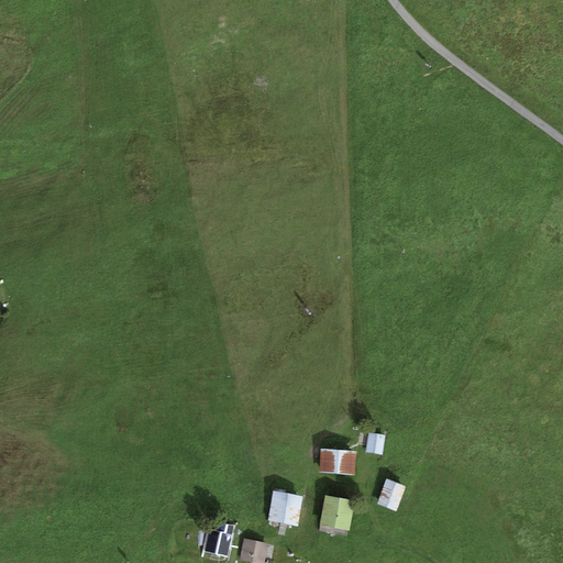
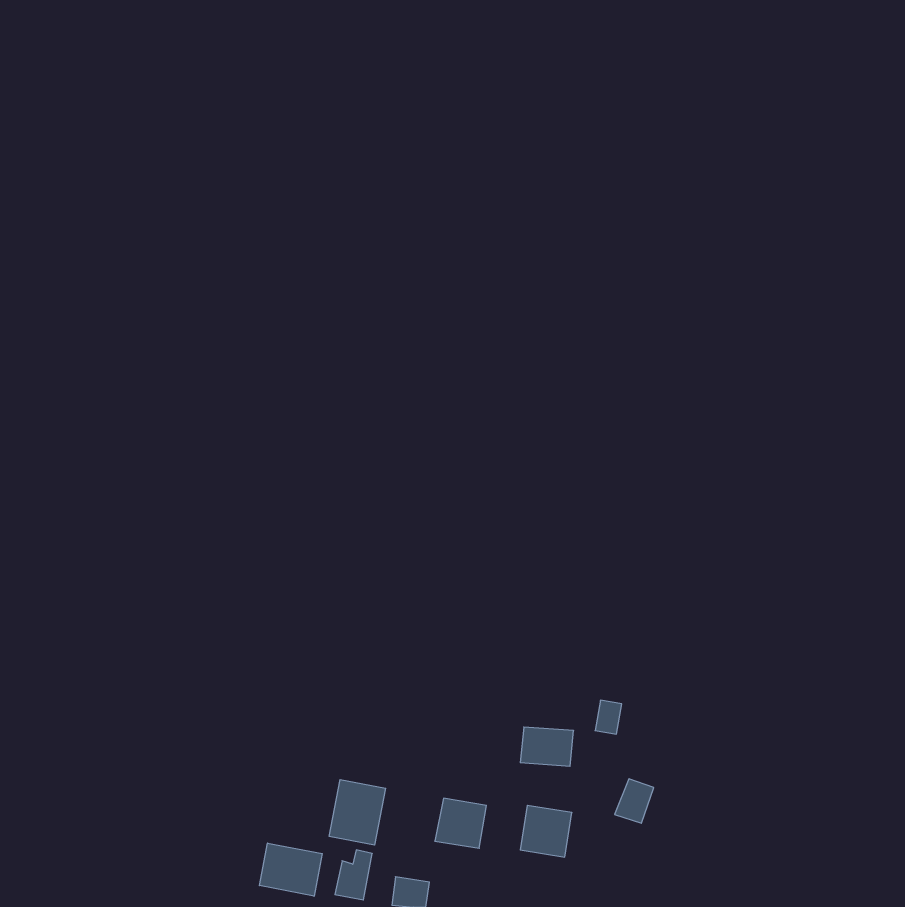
building: none -> [329,780,386,845]
building: none -> [259,843,322,896]

